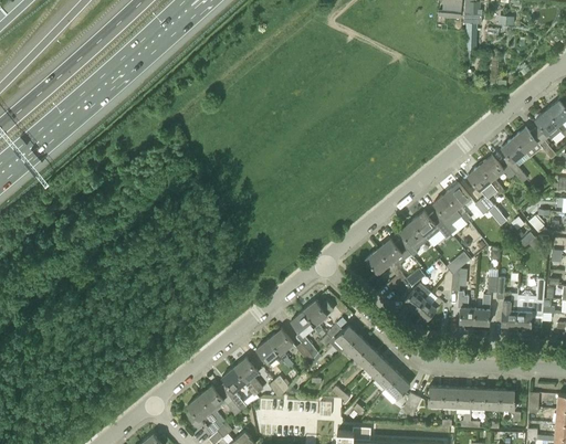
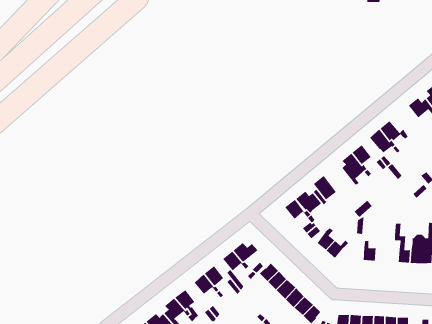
building: [501,138,527,184] -> none
building: [412,212,450,242] -> none
building: [474,277,497,326] -> none

